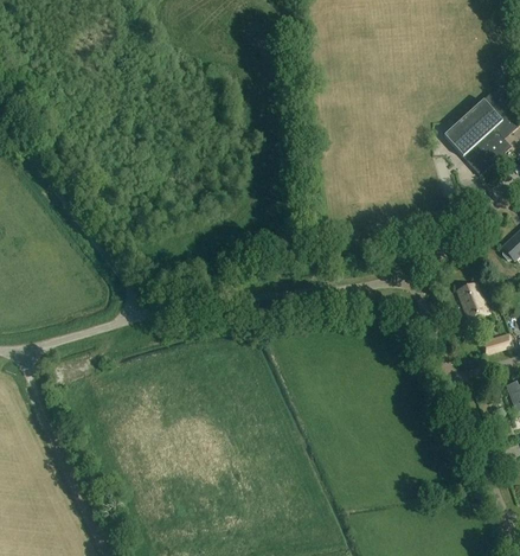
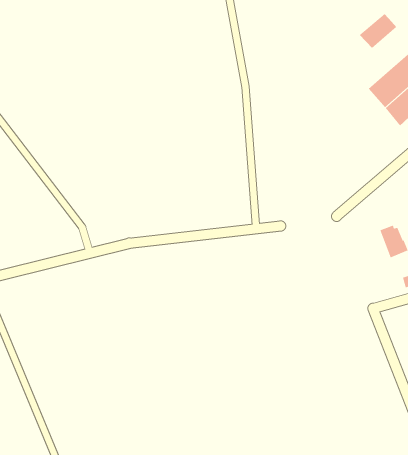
building: none -> [359,13,397,49]

